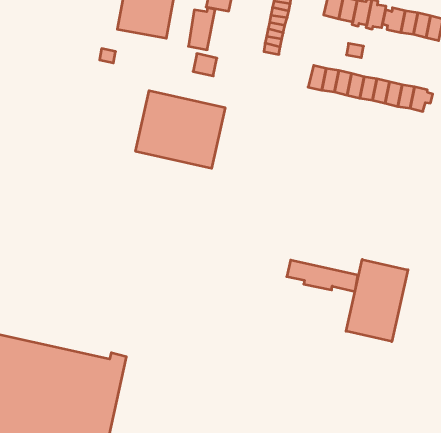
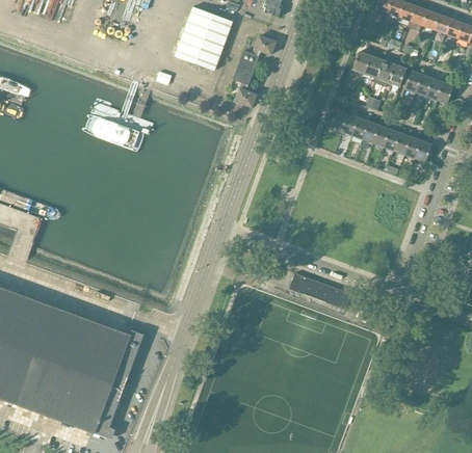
building: [136,91,225,168] -> none
building: [346,259,408,342] -> none

